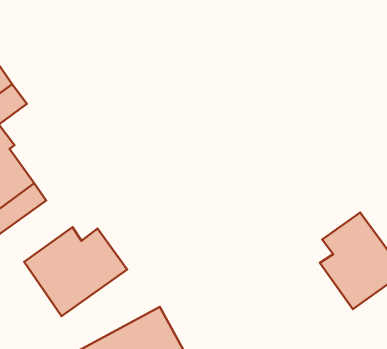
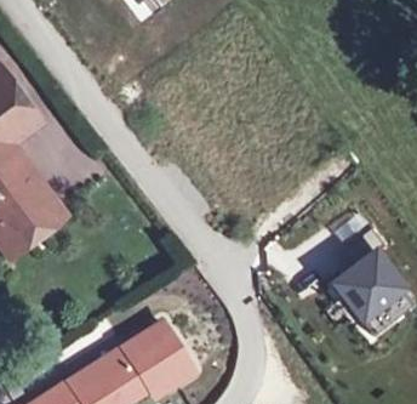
building: [24,227,127,316] -> none

